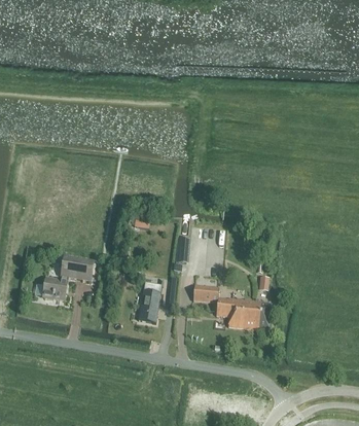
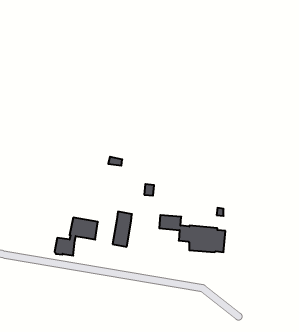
building: [43,256,94,300] -> [55,218,98,256]

